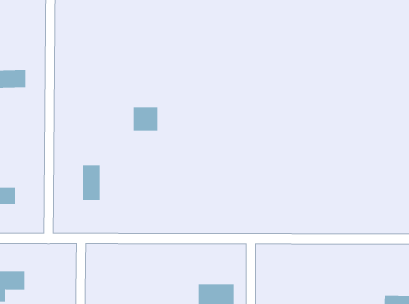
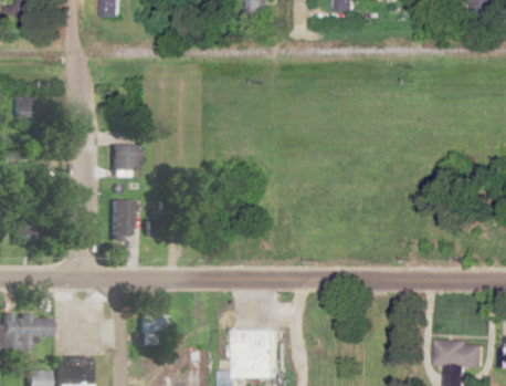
building: [133,107,158,131] -> [112,144,139,170]
building: none -> [143,314,164,343]

